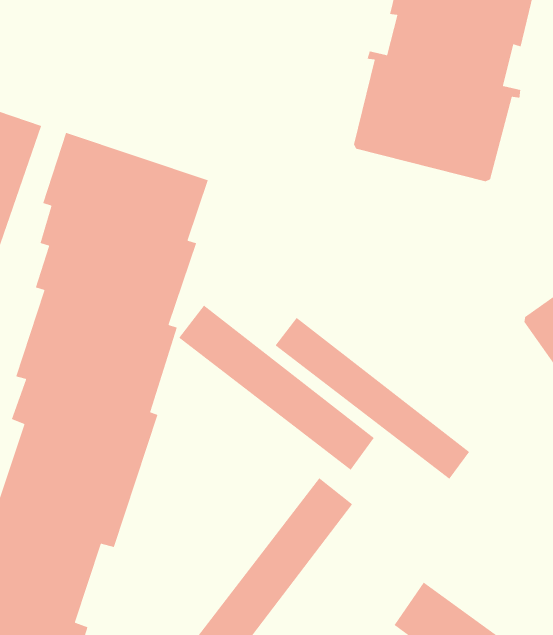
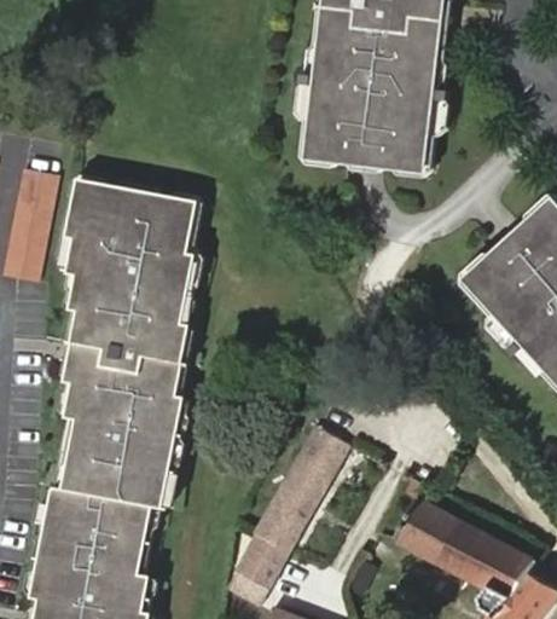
building: [178,305,375,471] -> none
building: [275,317,470,480] -> none

